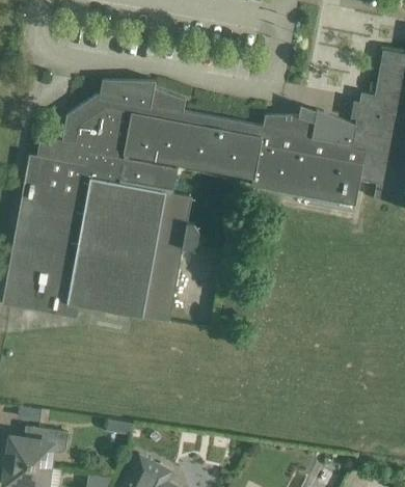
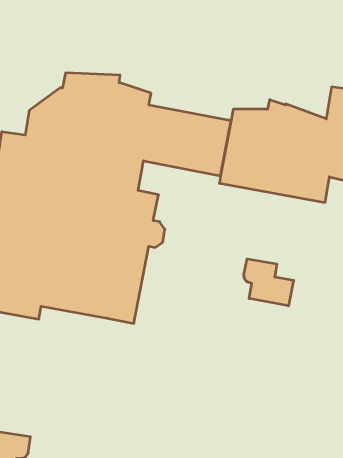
building: none -> [244,259,294,306]

